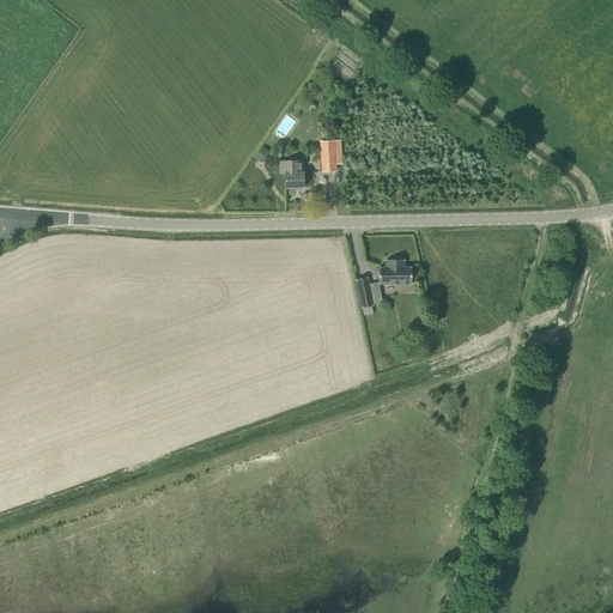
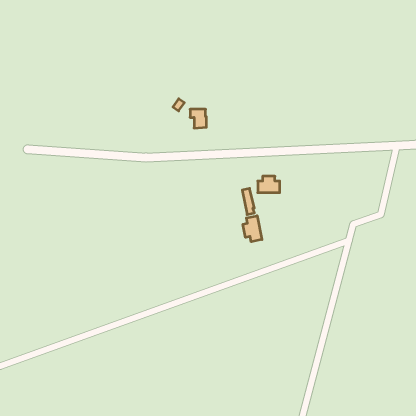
building: [322,140,342,170] -> none
building: none -> [243,216,262,242]

